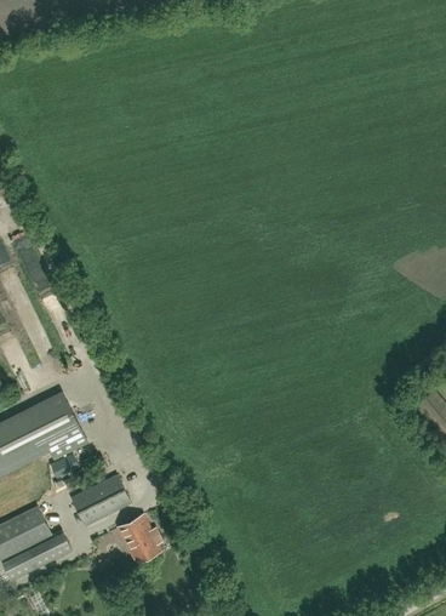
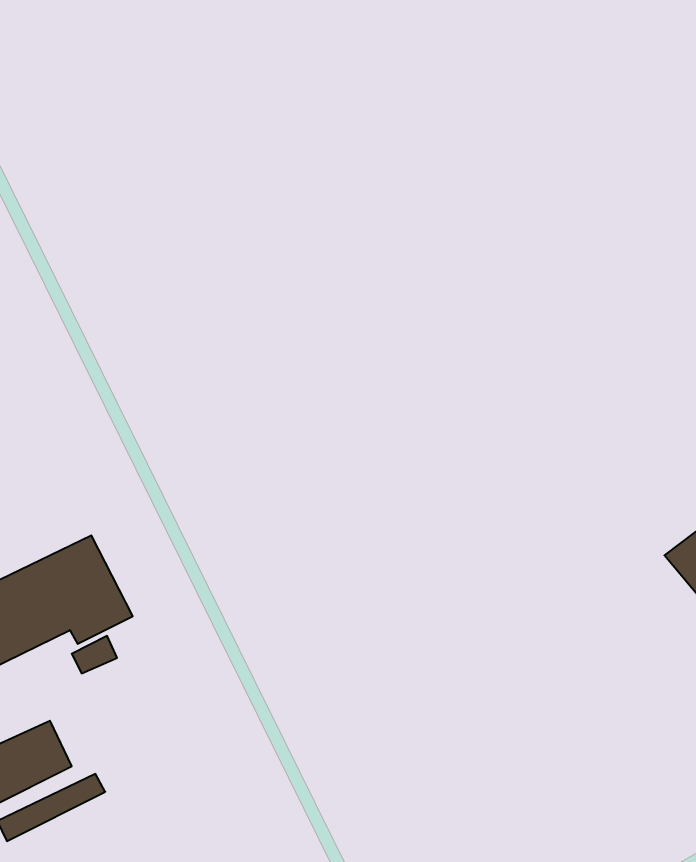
building: [72,474,131,525] -> none
building: [118,514,162,563] -> none

